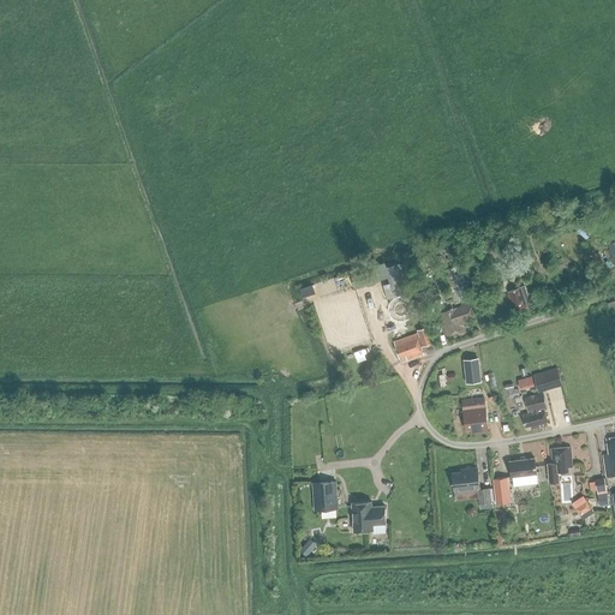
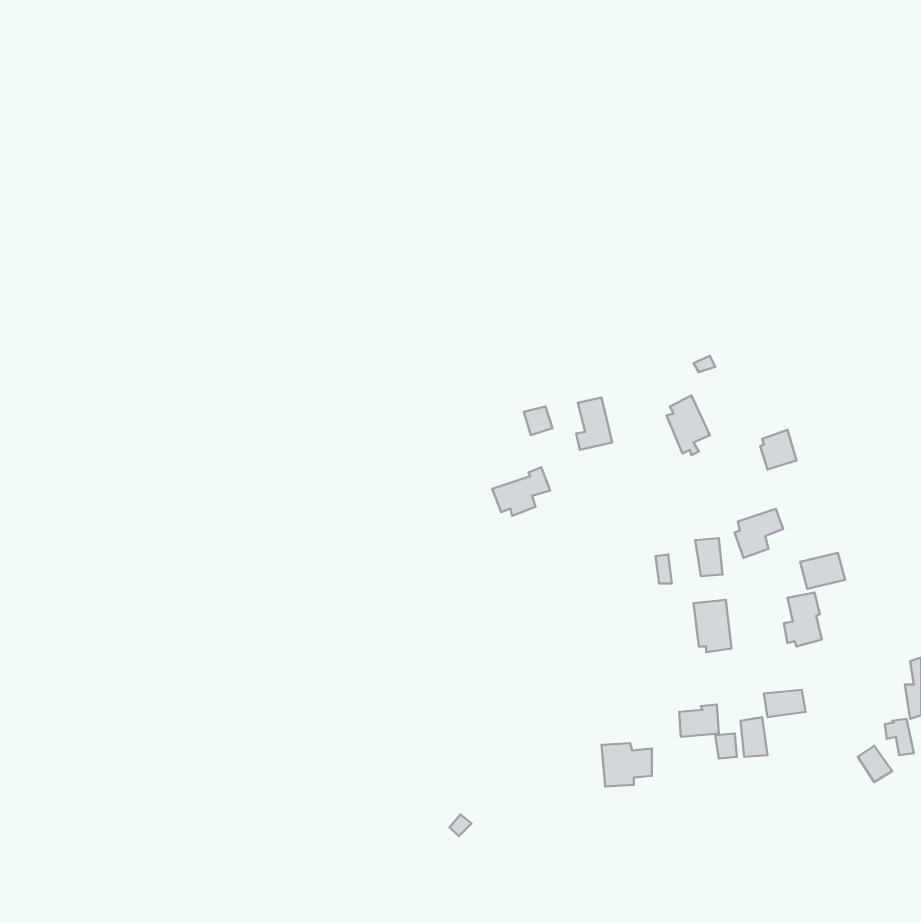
building: [441,304,473,336] -> [734,509,783,558]
building: [393,328,431,360] -> [492,467,550,516]
building: [547,447,572,483] -> none
building: [312,482,336,510] -> none
building: [351,502,384,531] -> [601,743,652,787]

